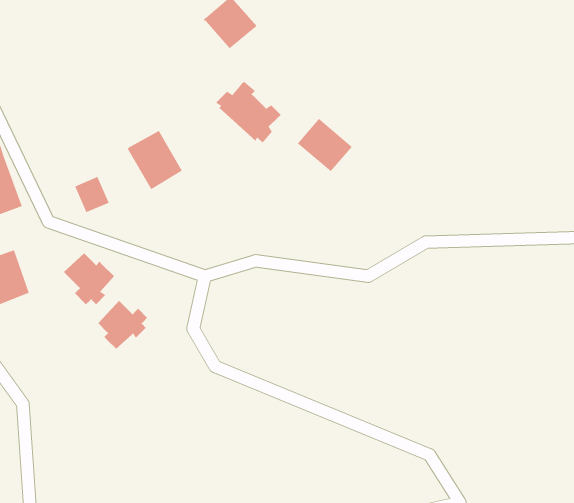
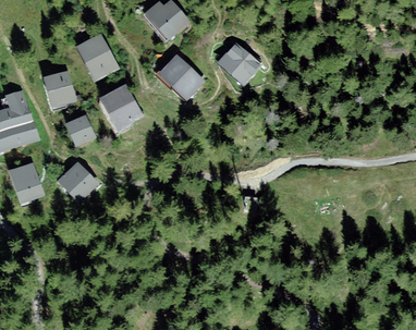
building: none -> [81,38,113,76]
building: none -> [47,74,73,105]
building: [297,118,353,172] -> [221,46,257,81]
building: [97,299,148,350] -> none

